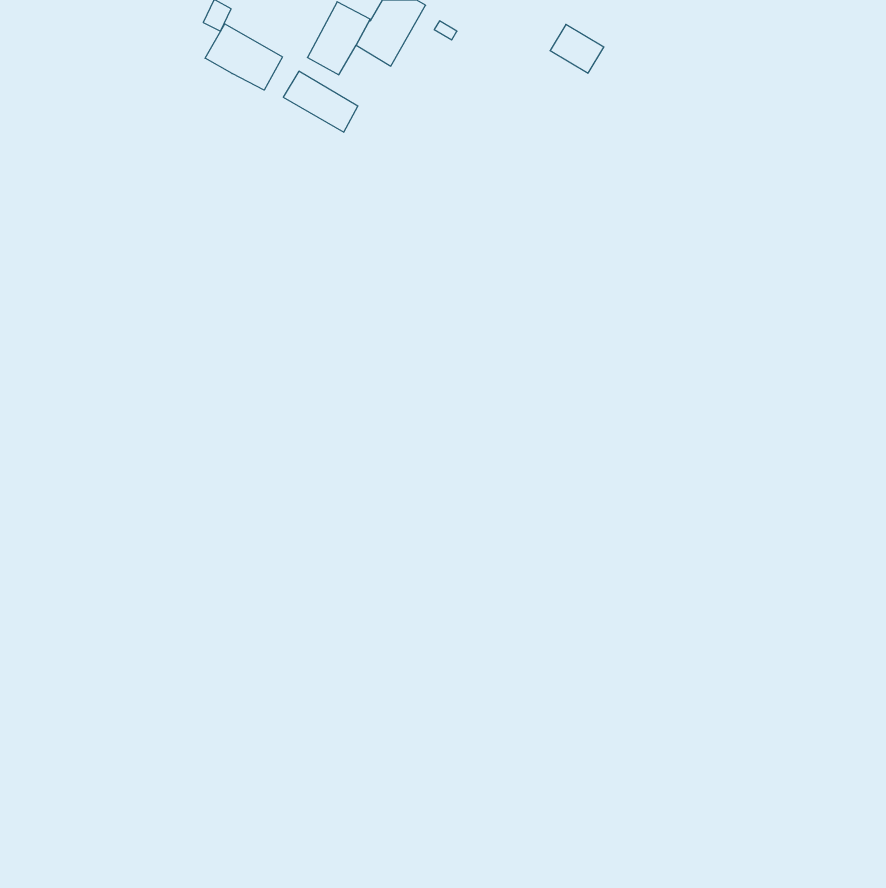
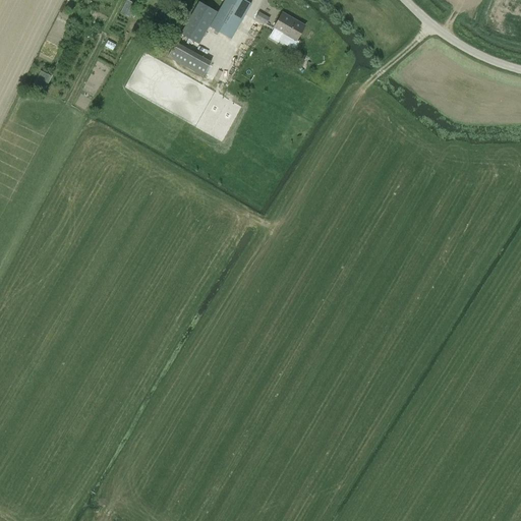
building: [205,24,282,90] -> none
building: [550,24,604,73] -> [273,12,304,41]

